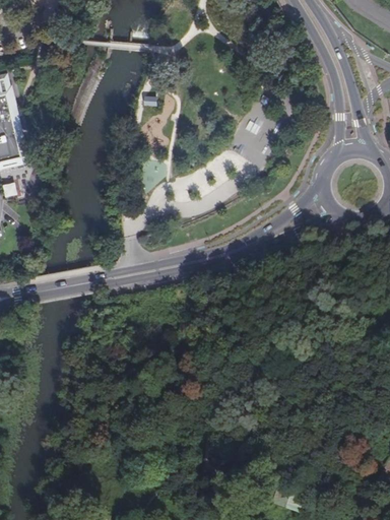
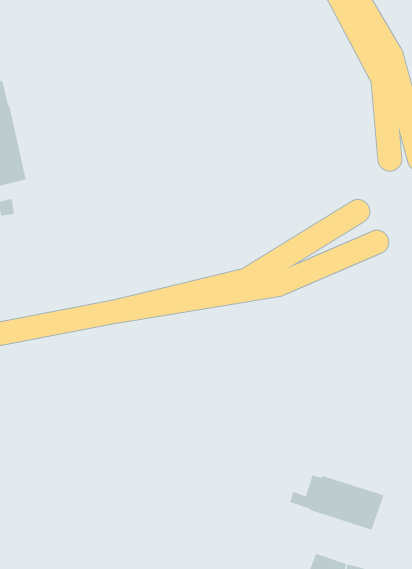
building: none -> [290,474,384,530]

